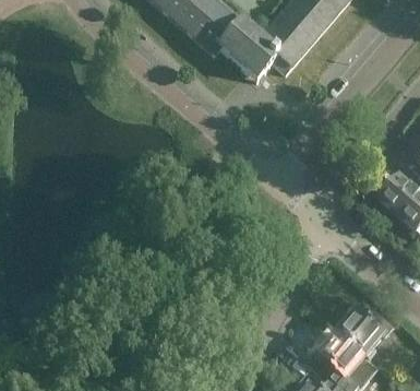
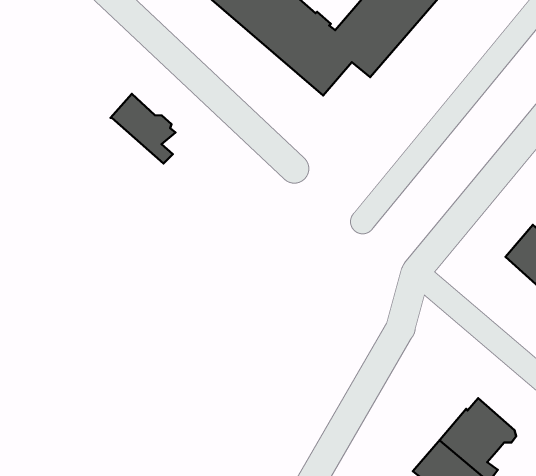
building: none -> [110,94,176,164]

